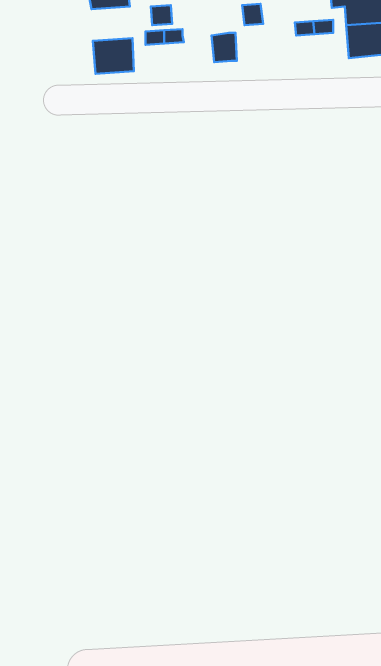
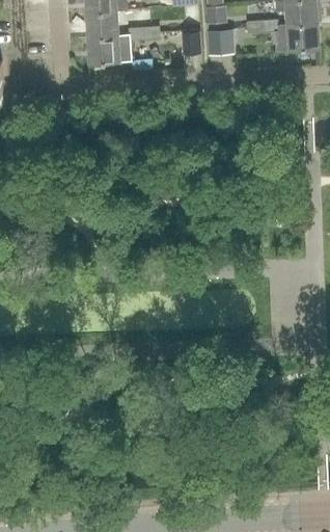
building: none -> [86,9,118,36]
building: none -> [207,28,233,53]

